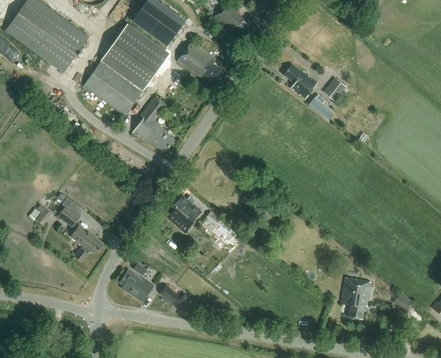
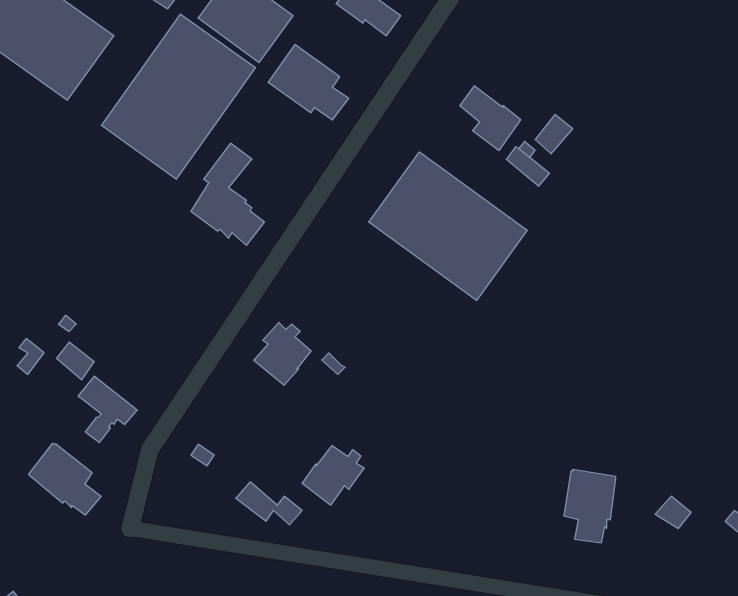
building: none -> [369,152,527,301]
building: none -> [29,443,101,515]
building: none -> [302,446,364,505]
building: [119,269,153,302] -> none

